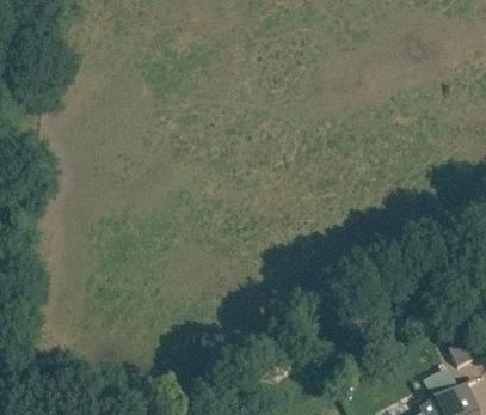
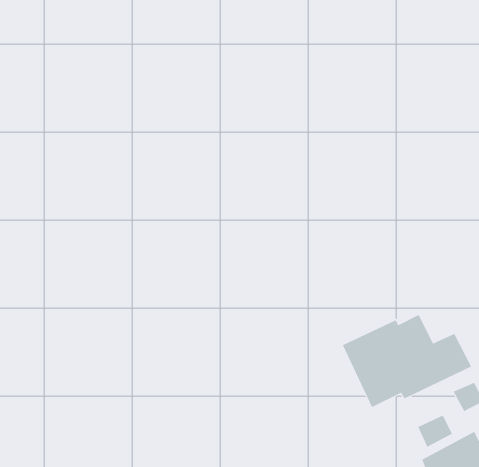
building: none -> [342,314,472,408]

